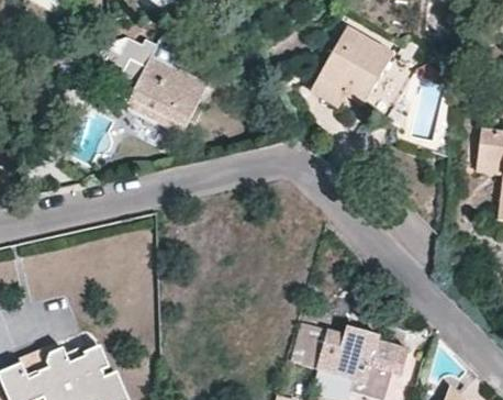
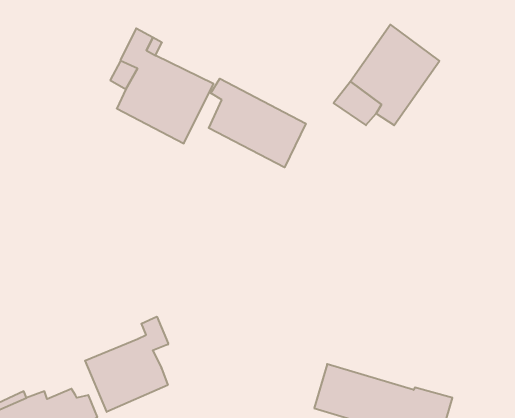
building: none -> [209,79,306,167]
building: none -> [85,317,168,412]

